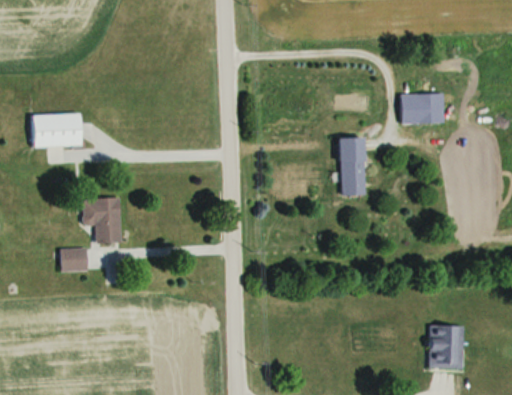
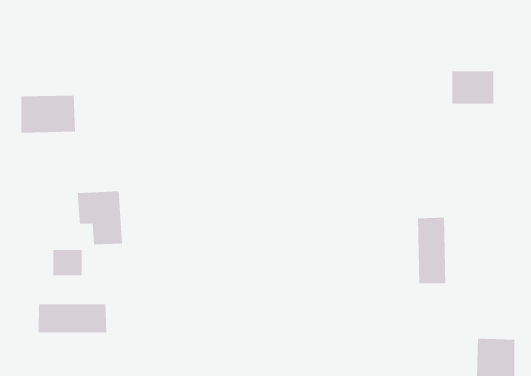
building: [339,137,364,195] -> [417,217,446,284]
building: none -> [38,304,107,333]

